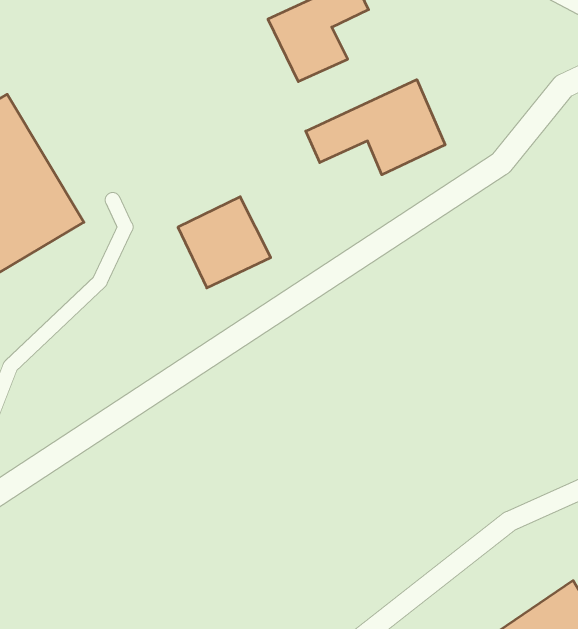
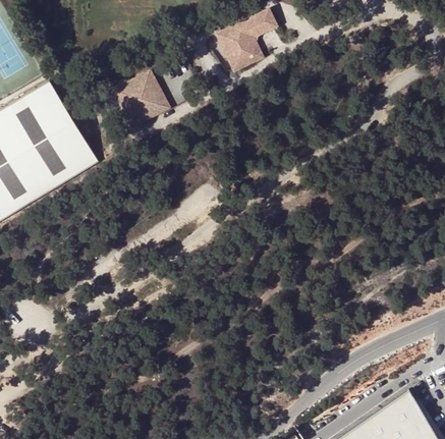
building: [306,80,445,175] -> none
building: [178,197,271,288] -> [112,70,171,128]

